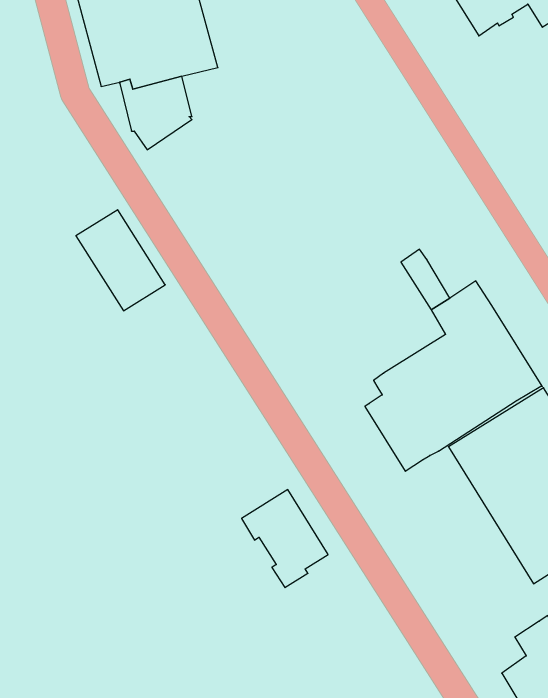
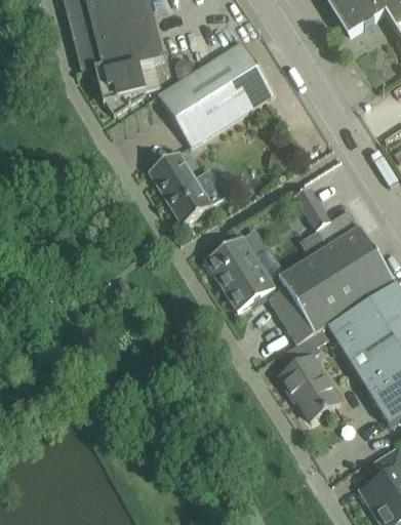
building: none -> [158,40,275,146]
building: [76,210,165,311] -> [149,151,212,223]
building: none -> [204,224,275,310]
building: [242,490,328,588] -> [279,355,340,425]

